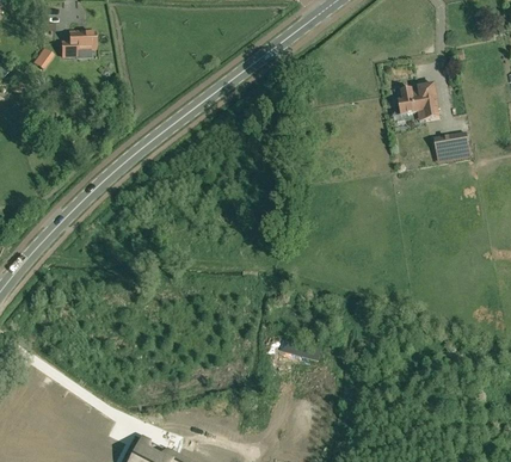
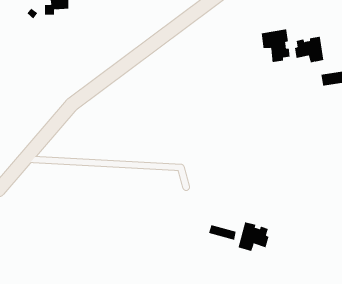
building: none -> [261,29,290,63]
building: none -> [238,221,269,252]

